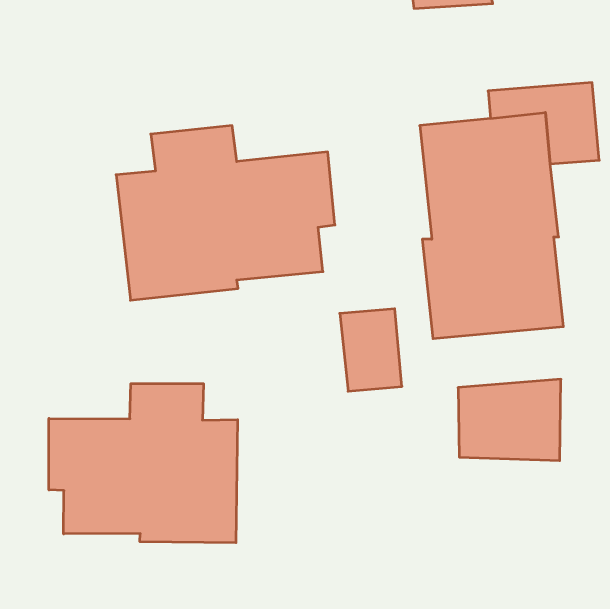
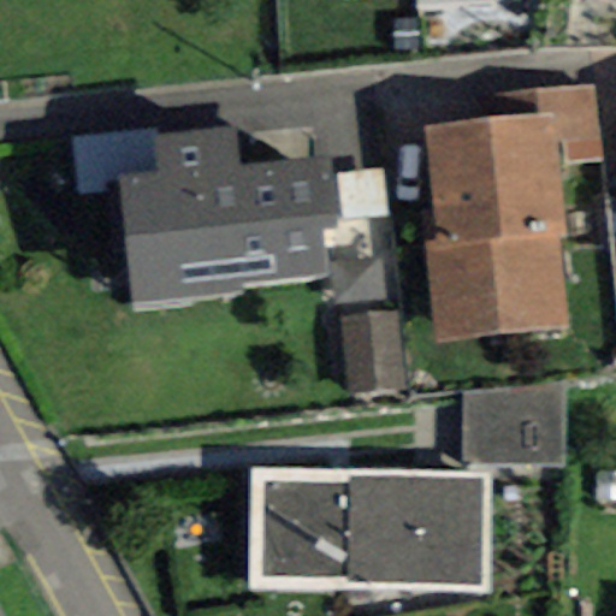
building: [49,384,238,543] -> none
building: none -> [249,467,490,591]

